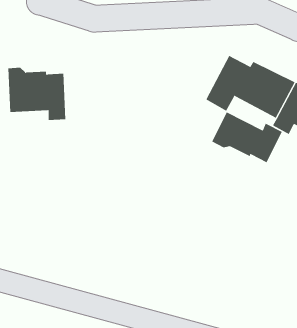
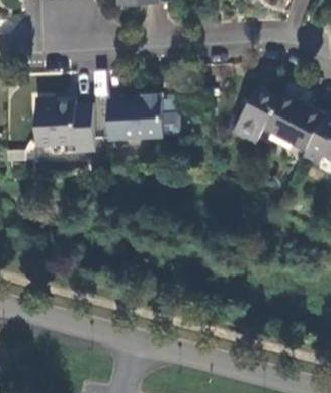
building: none -> [107,95,163,140]
building: [211,112,283,163] -> none

